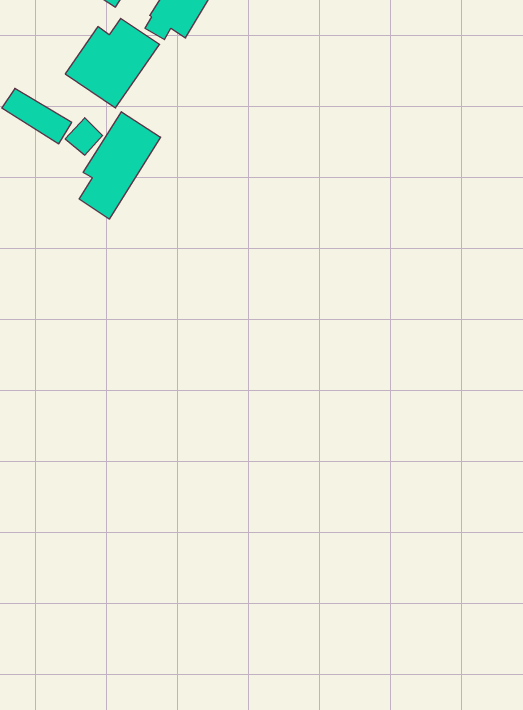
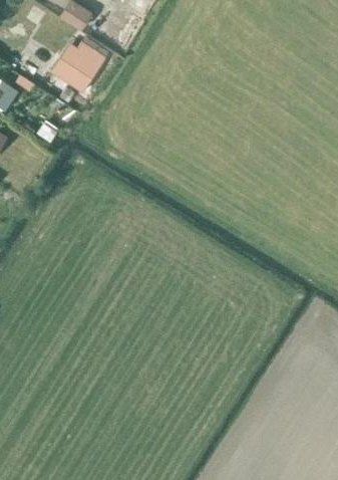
building: [79,112,161,219] -> none

